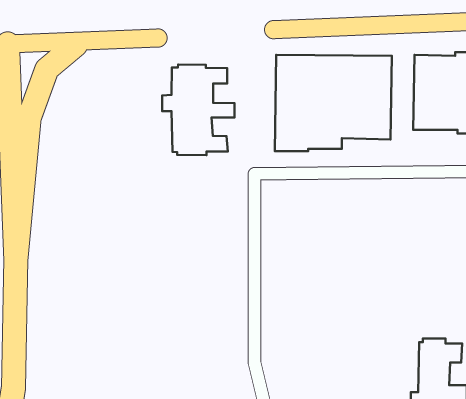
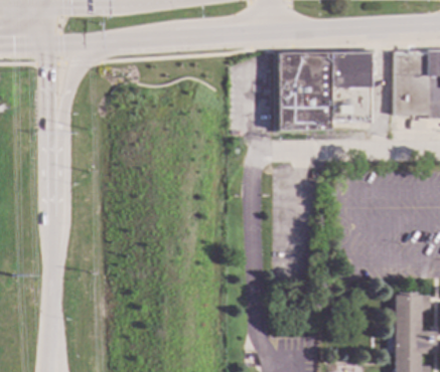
building: [162,65,235,155] -> none

